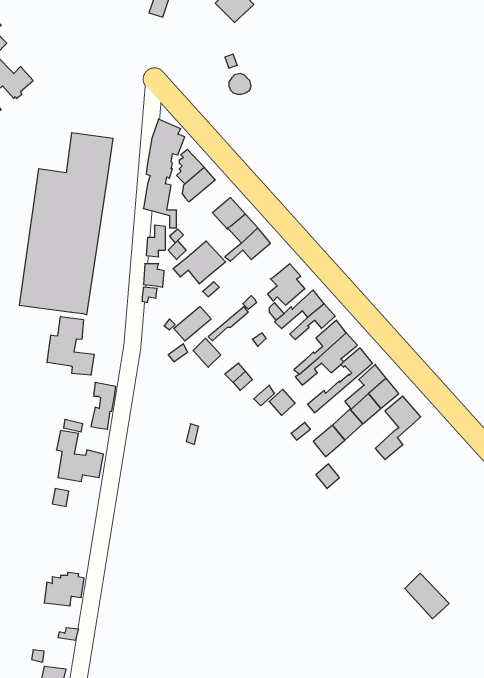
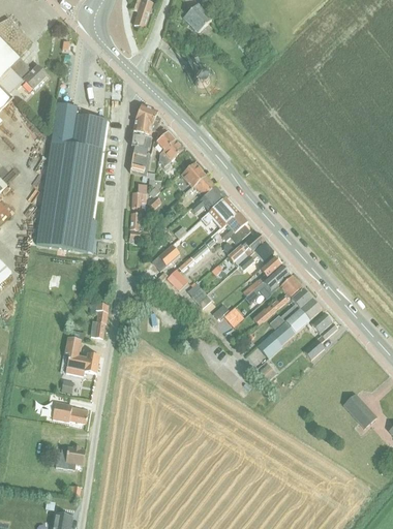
building: none -> [51,104,77,145]
building: [173,241,226,284] -> [200,197,239,229]
building: [47,316,94,375] -> none
building: none -> [52,402,88,423]
building: [405,573,449,619] -> [343,394,376,428]

